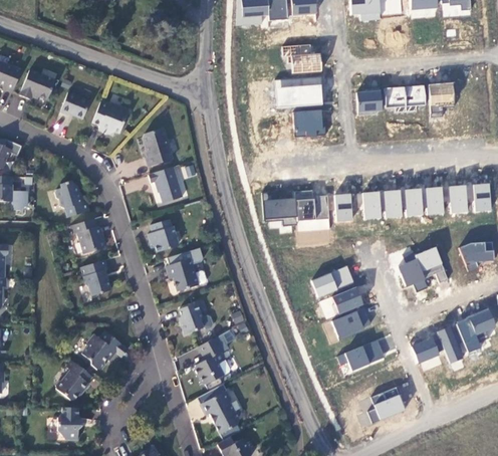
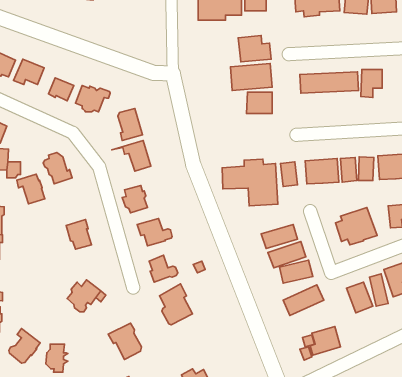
building: [70,219,103,254] -> [17,174,45,204]
building: [55,360,92,401] -> [9,328,40,363]
building: [200,391,239,434] -> [108,323,141,360]

